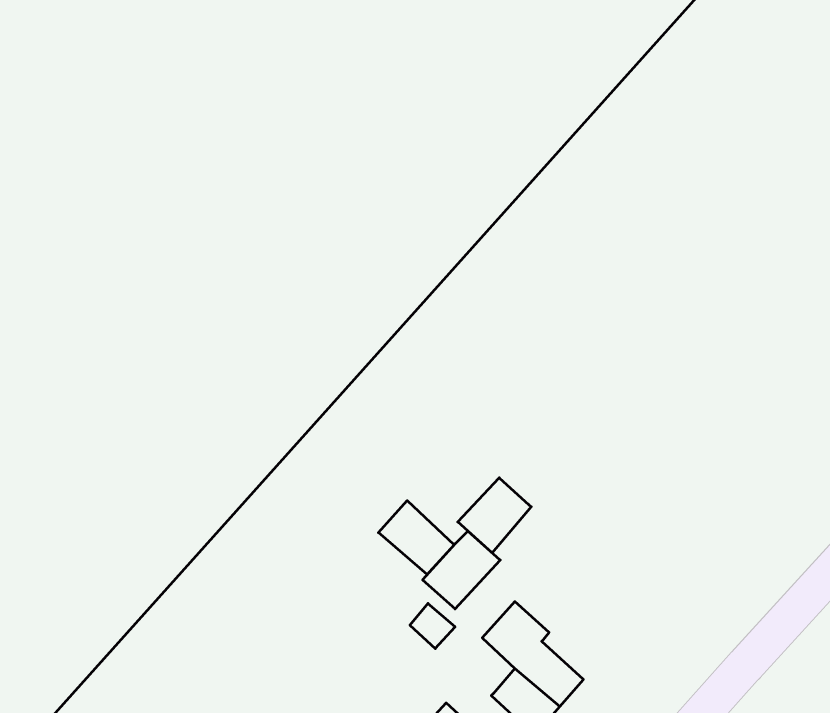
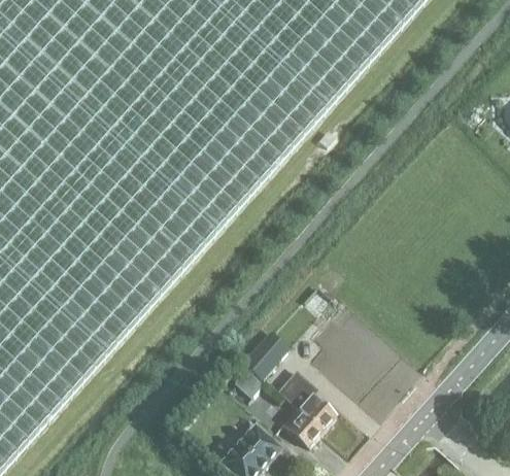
building: [458,478,531,553] -> none
building: [378,501,454,574] -> none

